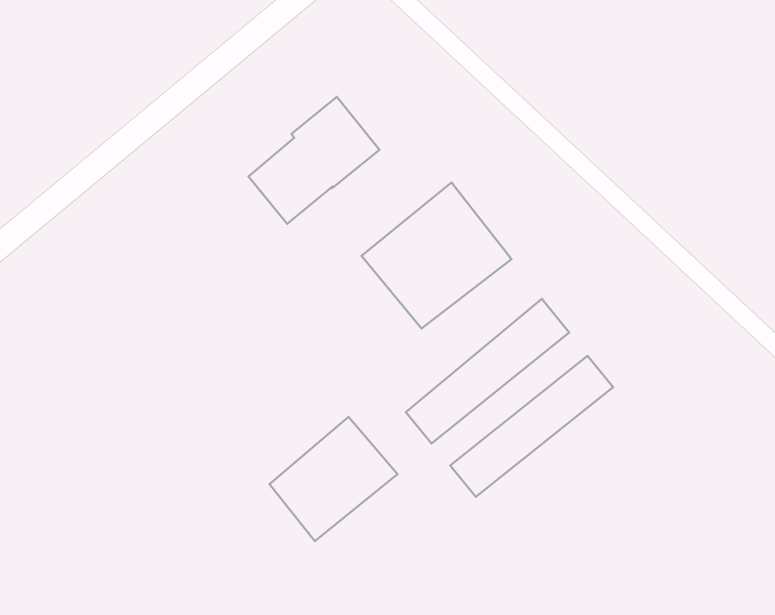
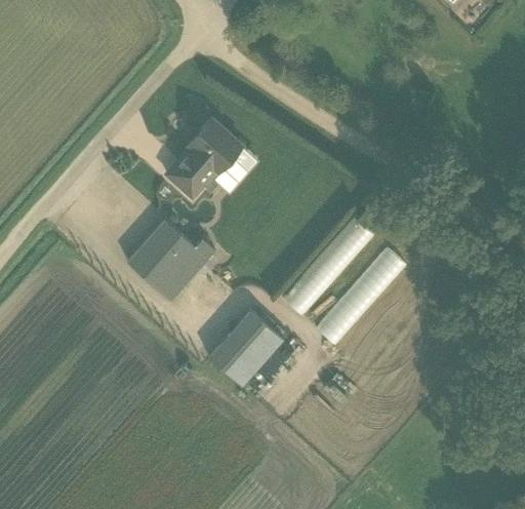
building: [361,182,512,329] -> none
building: none -> [127,220,215,301]

